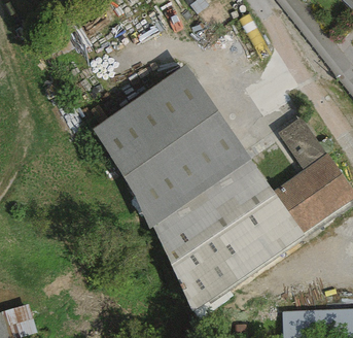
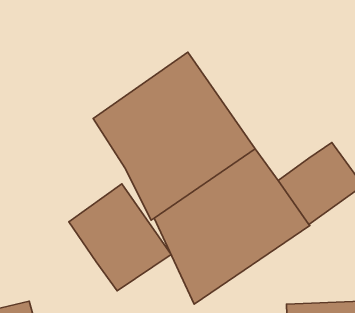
building: [279,117,326,168] -> none
building: none -> [69,184,171,291]

